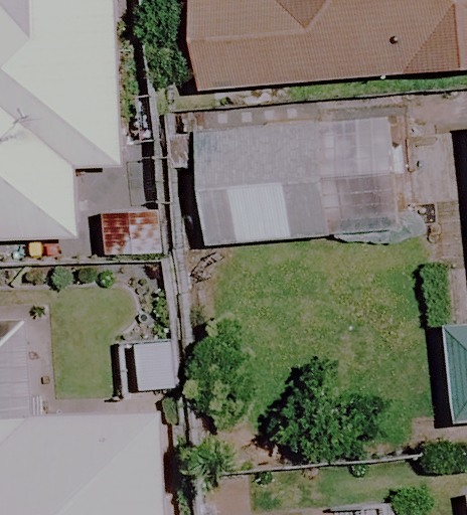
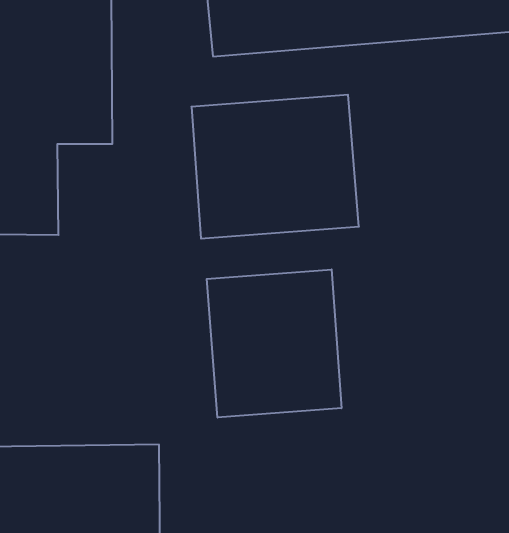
building: none -> [207,269,341,418]

